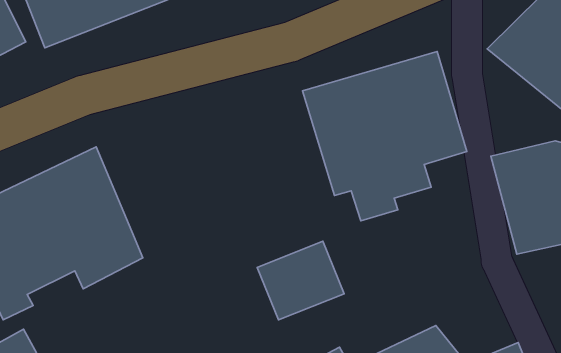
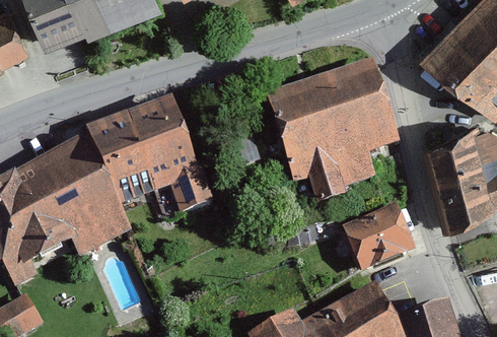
building: none -> [88,100,214,210]
building: [257,241,344,320] -> [344,207,418,274]

